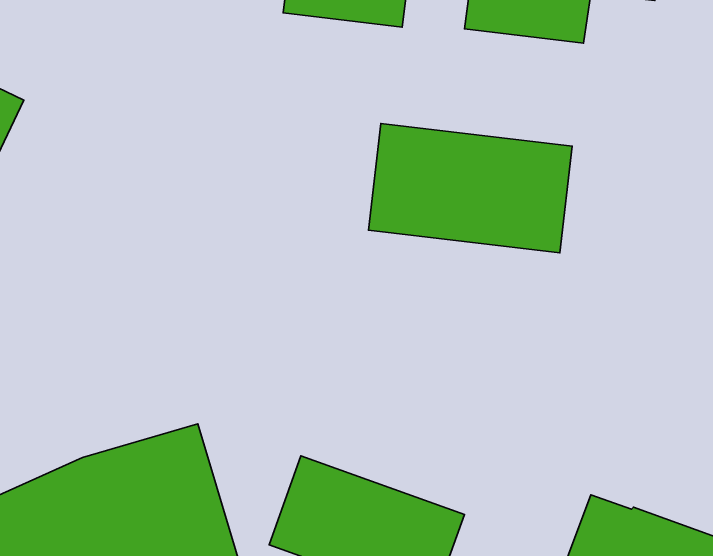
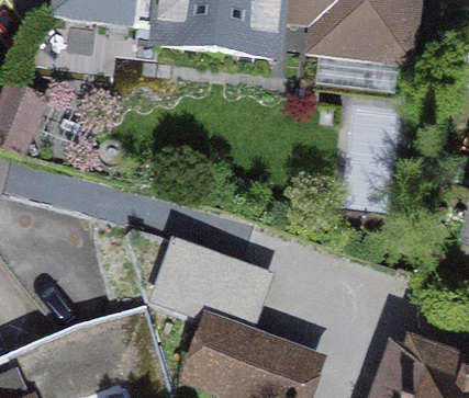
building: [368,124,572,253] -> none

